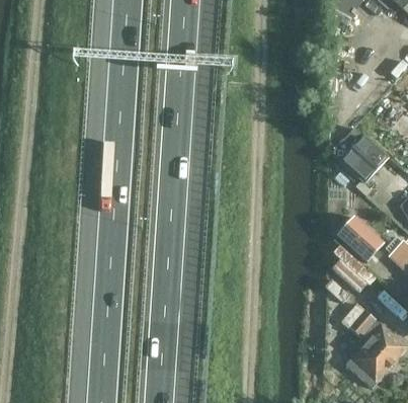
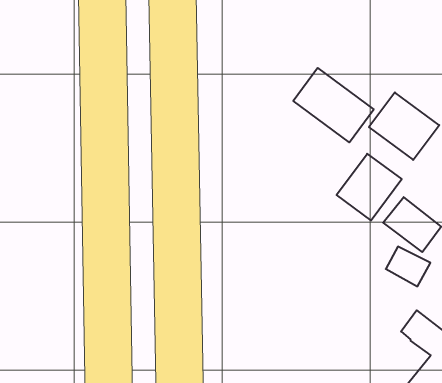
building: none -> [293,68,374,142]
building: none -> [337,154,402,220]

